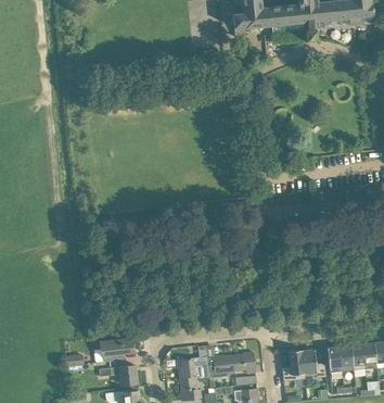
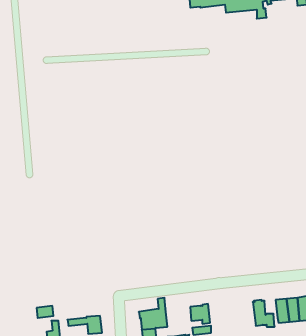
building: [93,338,133,363] -> none
building: [282,350,305,381] -> none
building: [206,355,234,377] -> none

